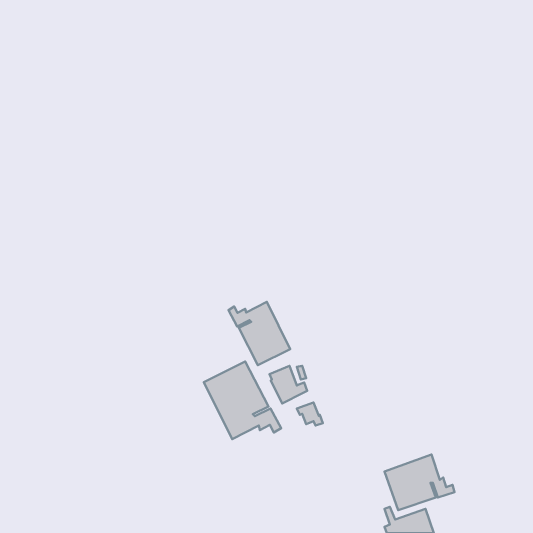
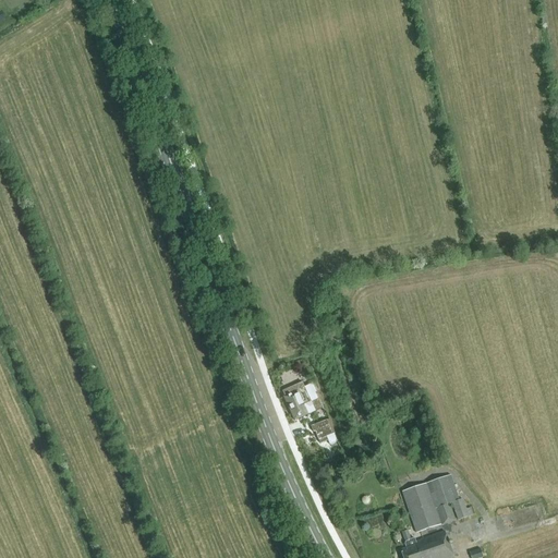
building: [228,302,290,365] -> none
building: [204,361,281,439] -> none

